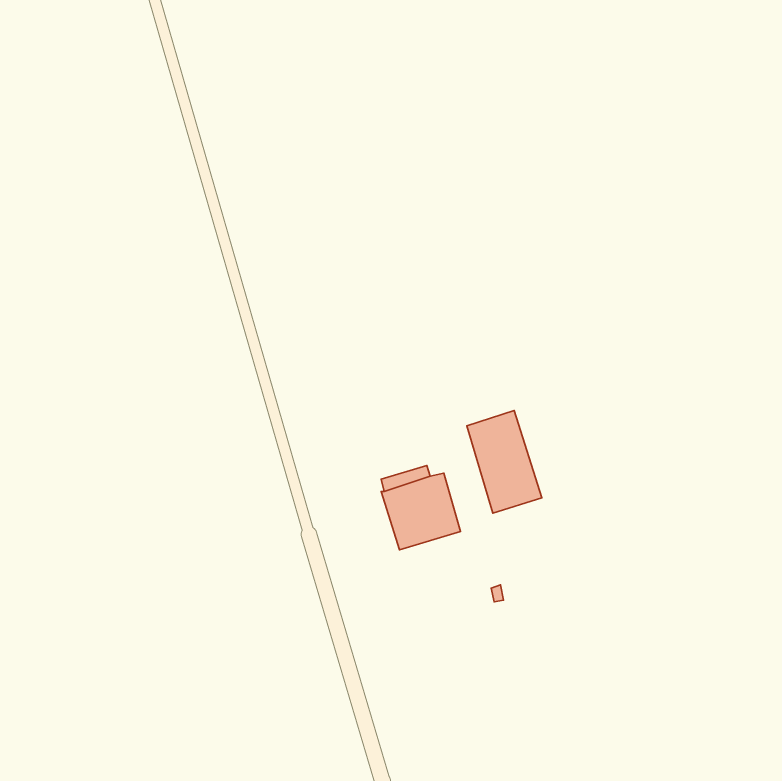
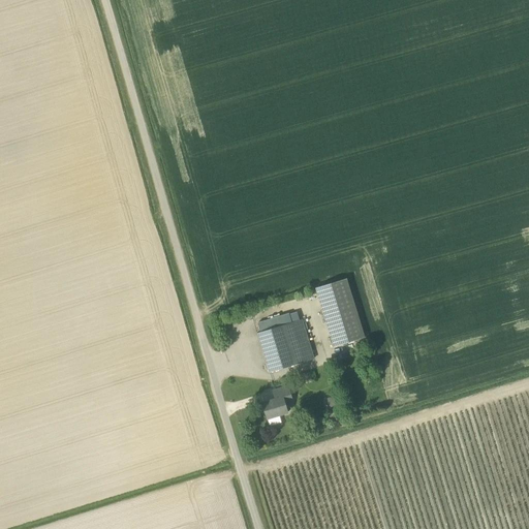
building: none -> [262,385,292,417]

